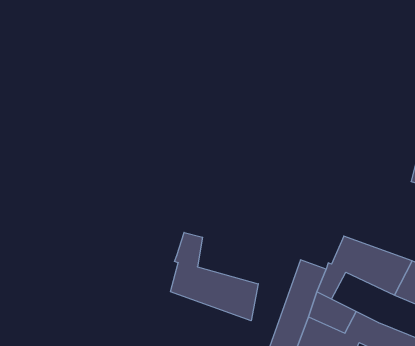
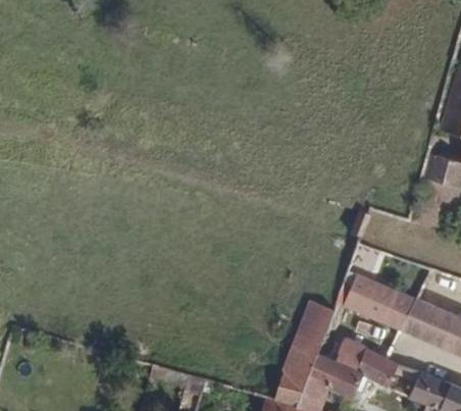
building: [170,232,258,321] -> none

